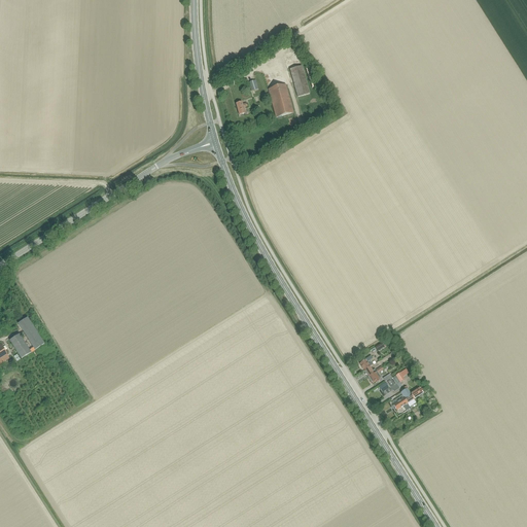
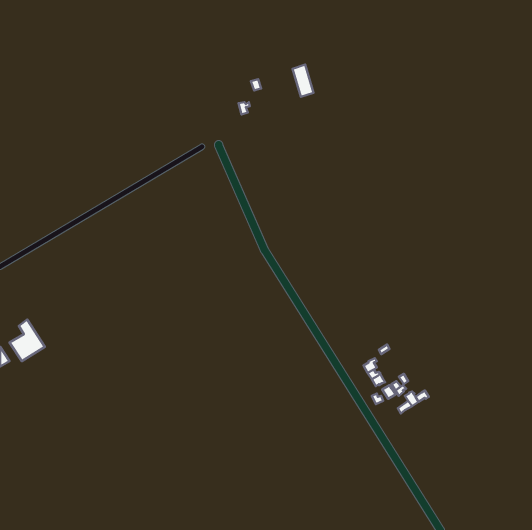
building: [269,83,293,116] -> none

